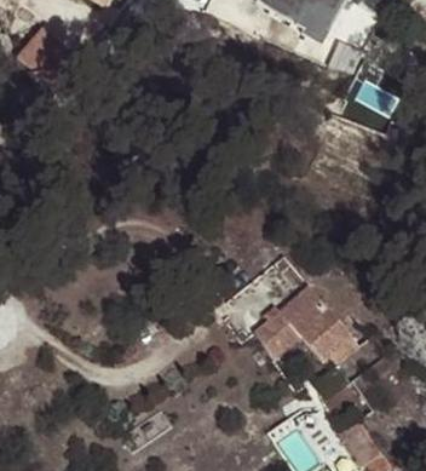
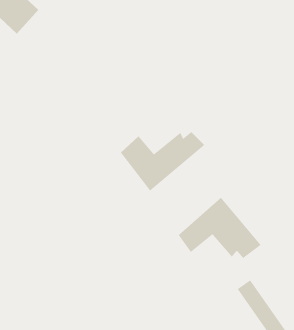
building: none -> [120,131,205,191]

